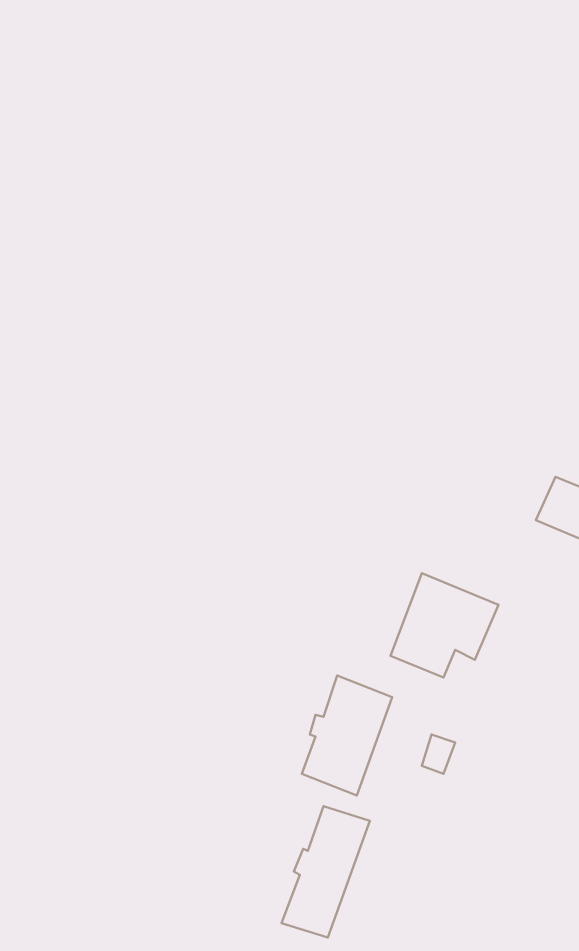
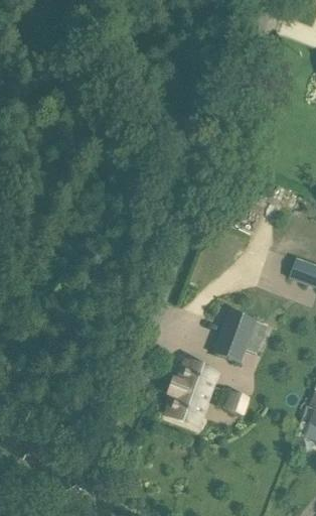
building: [282,806,370,938] -> none

